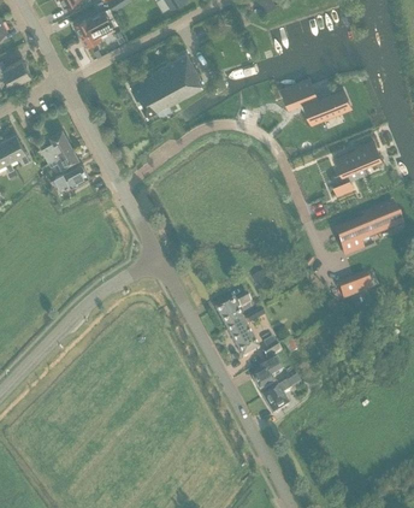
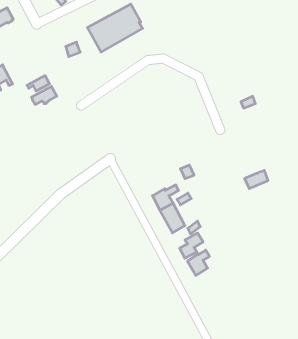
building: [285,88,349,120] -> none
building: [41,130,72,163] -> none
building: [336,138,380,172] -> none
building: [336,202,396,255] -> none

